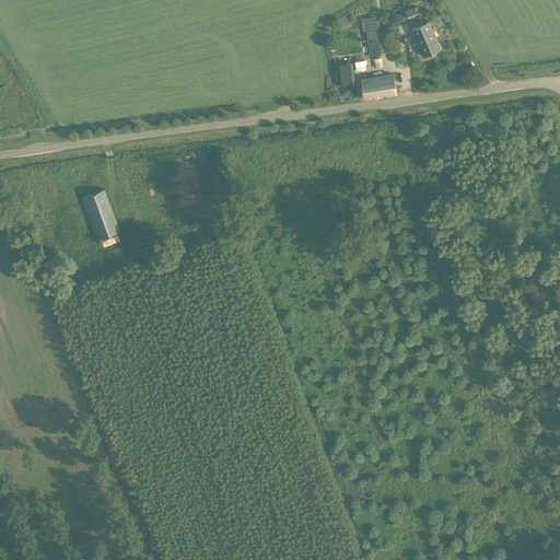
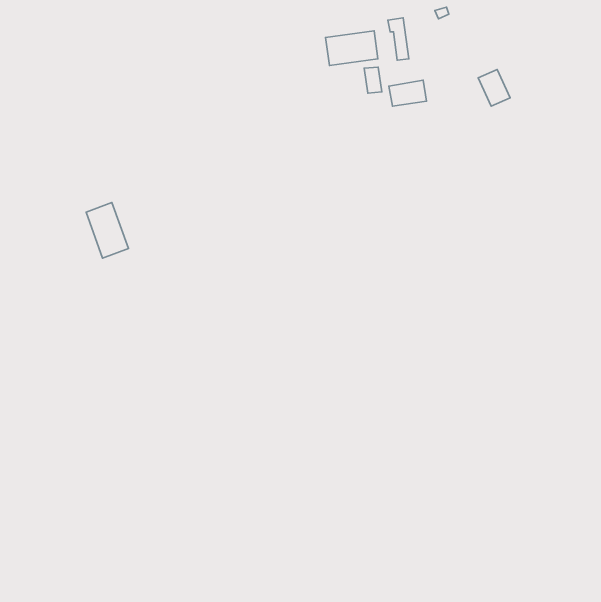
building: [411,22,441,56] -> [478,70,510,106]
building: none -> [326,31,378,66]

